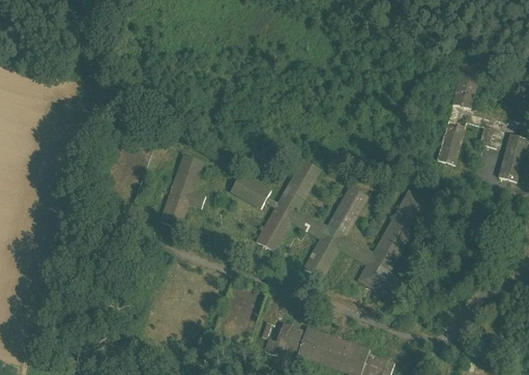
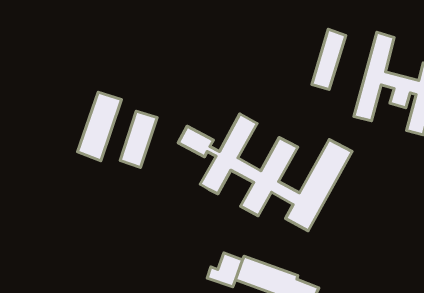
building: none -> [312,29,346,89]
building: none -> [78,92,121,161]

